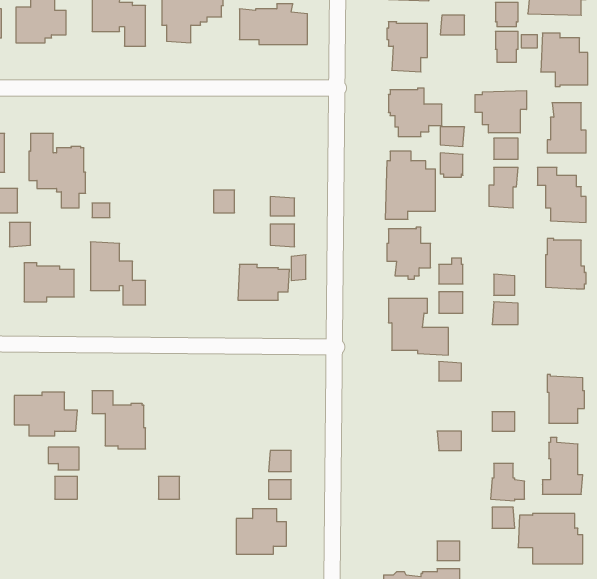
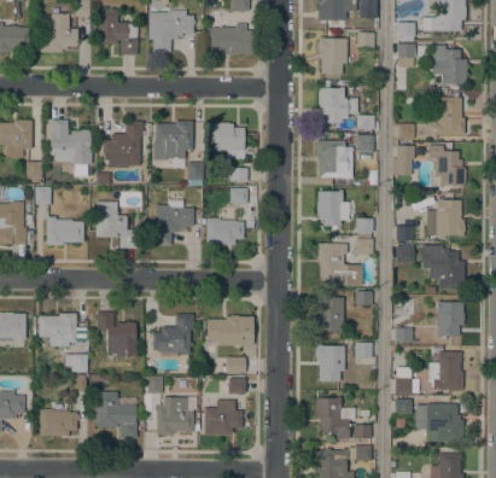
building: [475,91,526,133] -> none
building: none -> [103,121,142,167]
building: none -> [153,121,192,168]
building: none -> [210,122,244,150]
building: none -> [152,199,193,245]
building: none -> [421,245,465,288]
building: none -> [316,297,344,332]
building: none -> [152,313,193,352]
building: none -> [206,315,252,345]
building: none -> [314,344,344,380]
building: none -> [95,391,136,437]
building: none -> [156,396,193,435]
building: none -> [315,396,349,439]
building: none -> [39,408,78,435]

